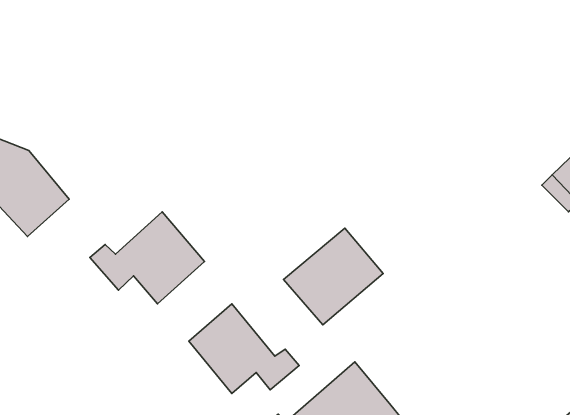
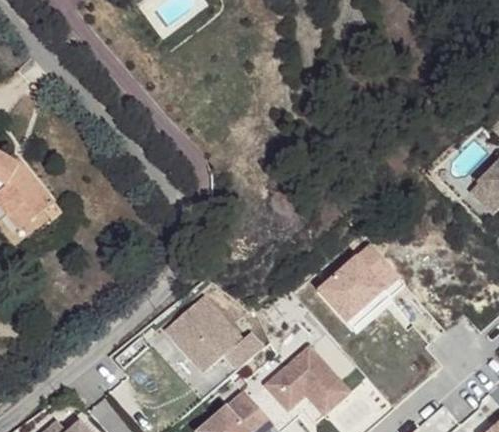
building: [90,212,204,304] -> none
building: [283,228,383,325] -> [318,244,404,327]

